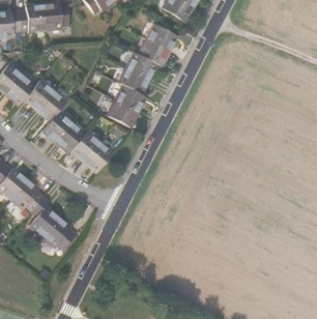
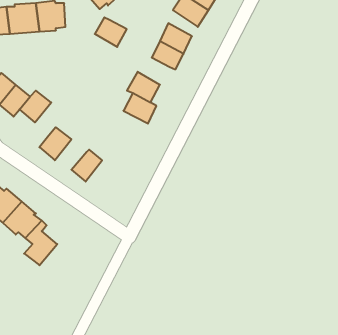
building: [128,50,156,76] -> [95,17,127,47]
building: [38,91,65,120] -> none
building: [108,98,138,125] -> none
building: [56,123,84,152] -> none
building: [83,142,112,172] -> none
building: [42,215,74,247] -> none

